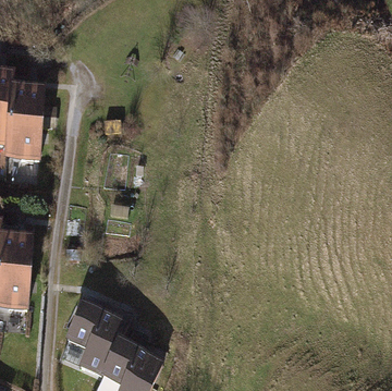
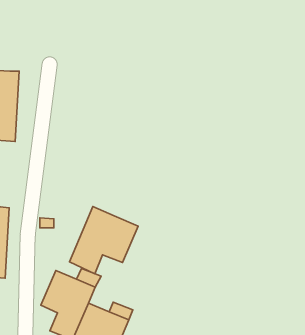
building: none -> [69,207,138,274]

